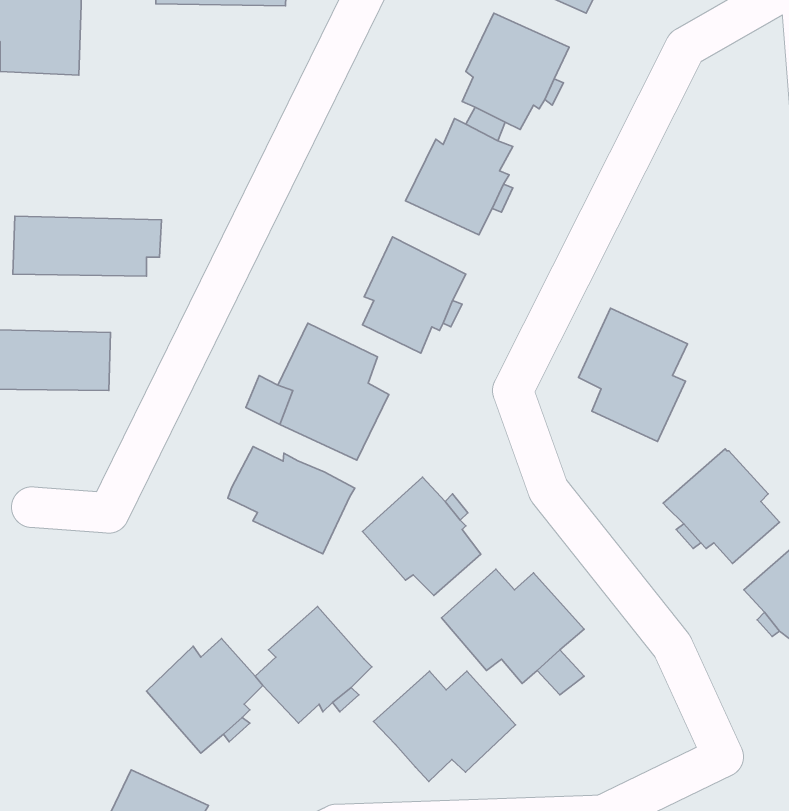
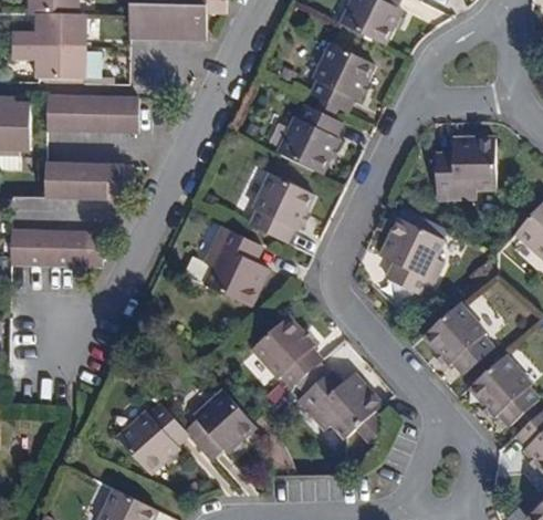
building: none -> [45,95,137,132]
building: none -> [435,138,495,197]
building: [228,447,355,554] -> none
building: [374,671,516,782] -> none

